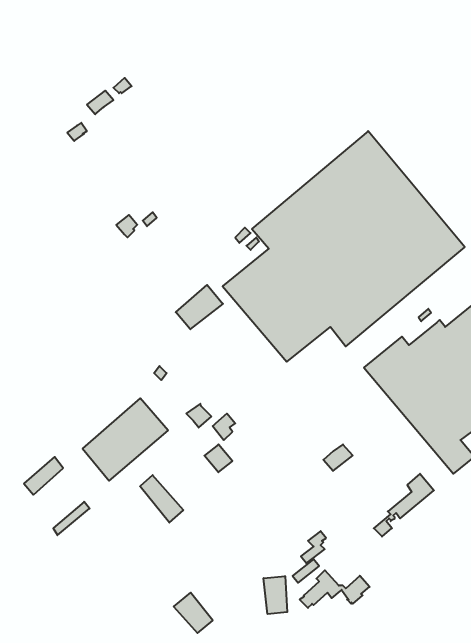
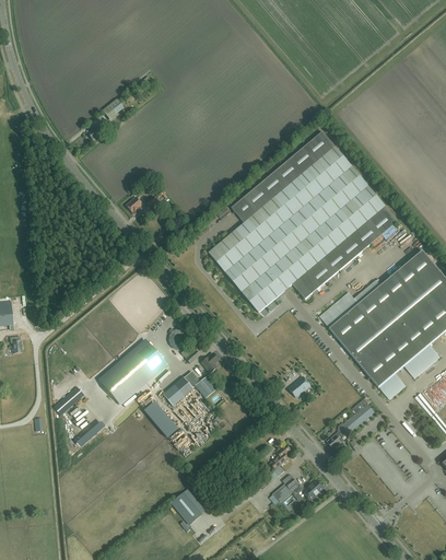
building: [176,285,223,329] -> none
building: none -> [162,371,199,405]
building: [264,576,287,614] -> none

